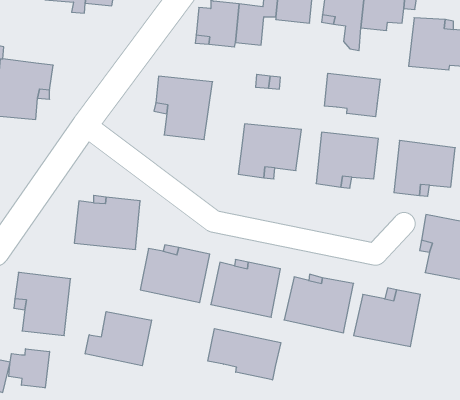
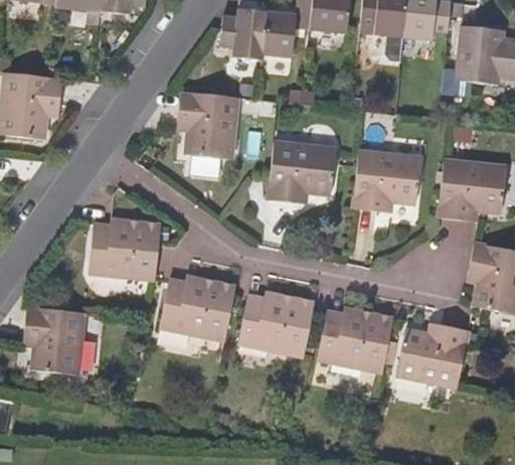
building: [324,73,380,117] -> none
building: [85,312,152,366] -> none
building: [208,329,281,380] -> none
building: [9,349,49,388] -> none

